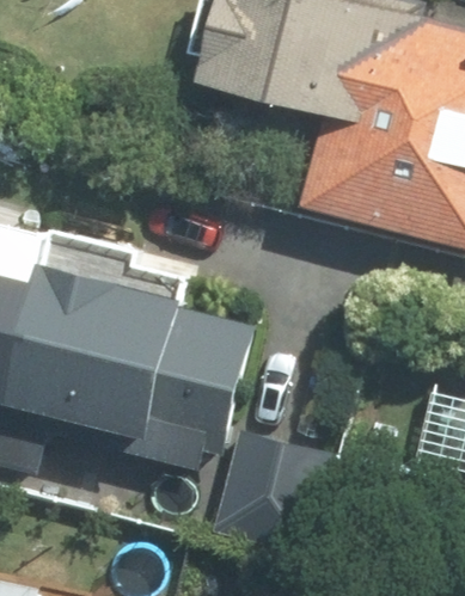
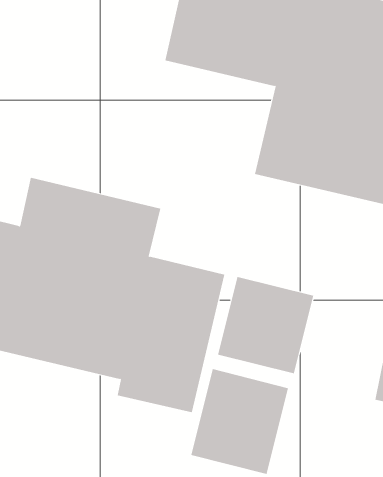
building: none -> [217,276,314,374]

